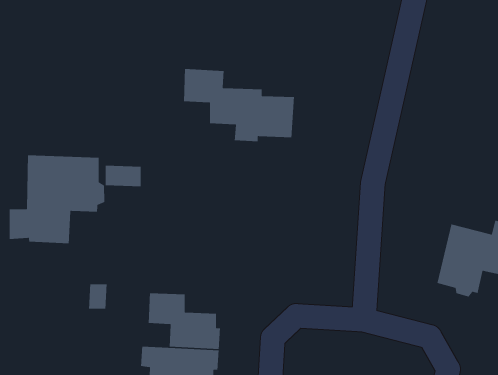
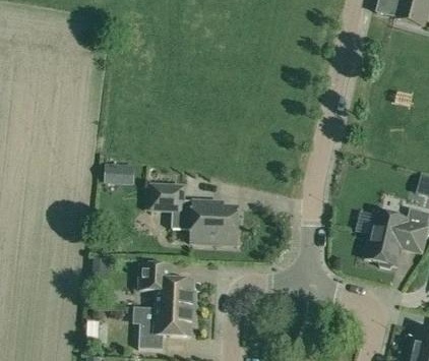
building: [183,68,295,142] -> [150,184,238,242]
building: [9,155,105,244] -> none

